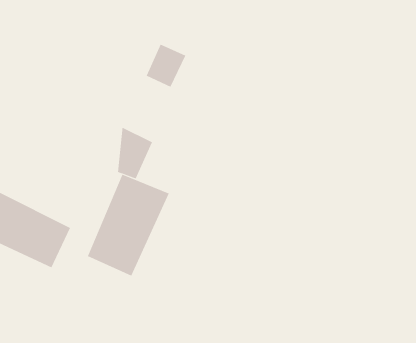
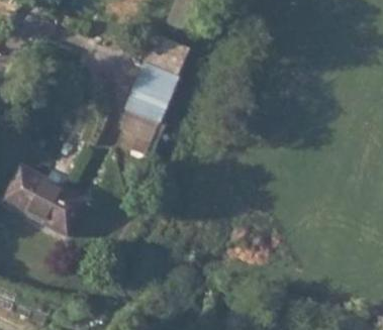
building: none -> [127,70,174,126]
building: [87,174,169,276] -> none

